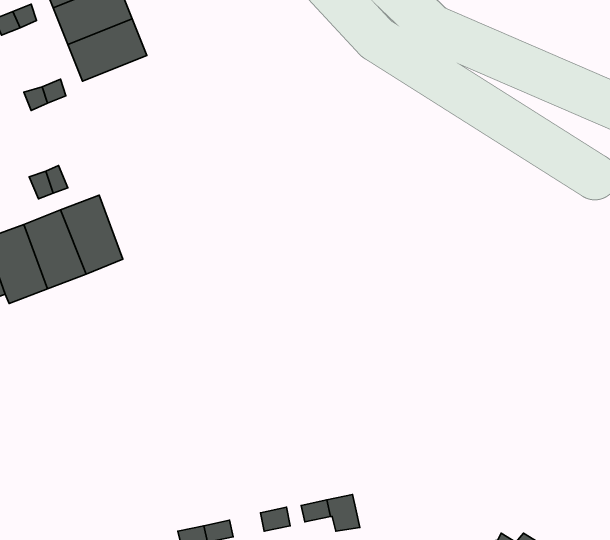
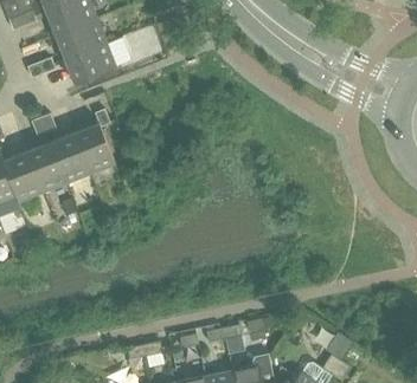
building: none -> [64,43,115,84]
building: none -> [75,106,118,174]

